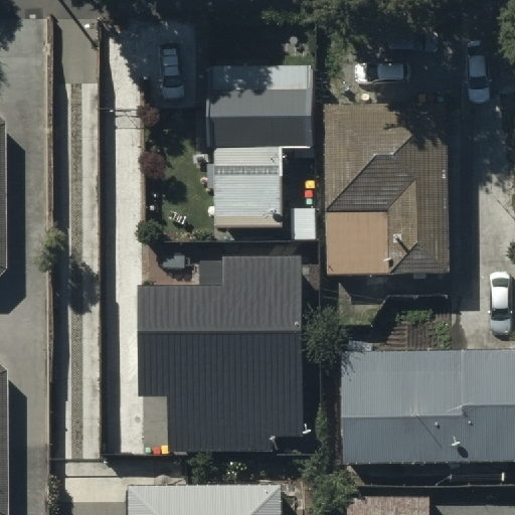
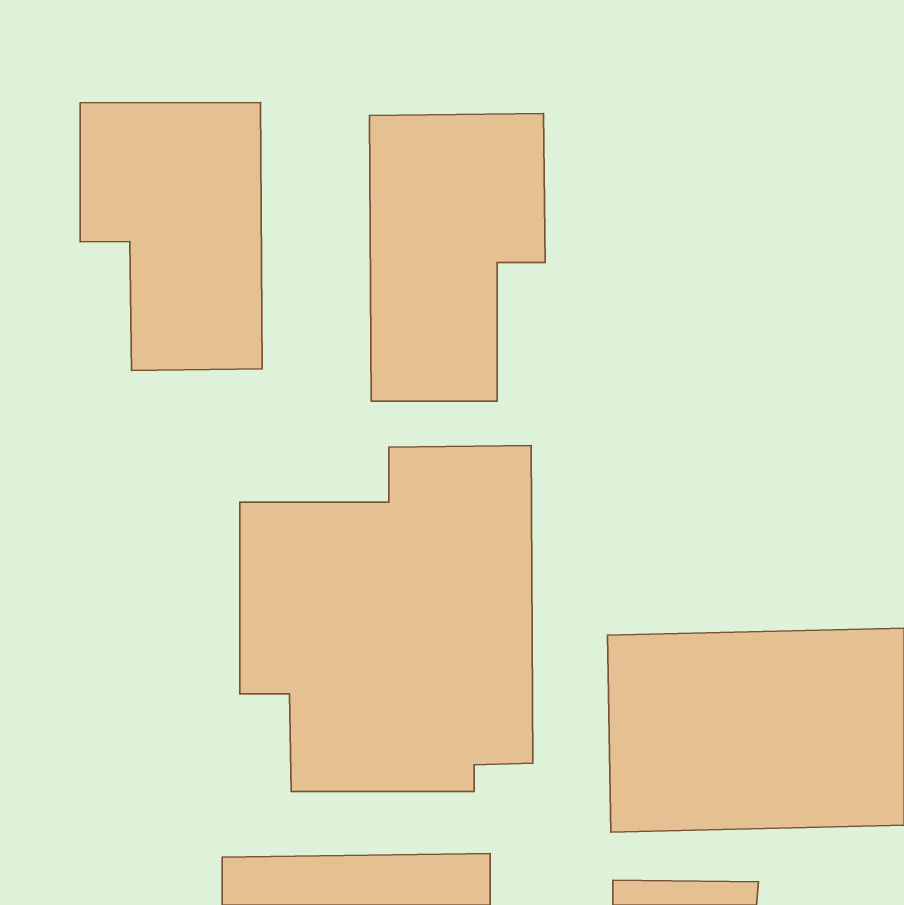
building: none -> [80,102,262,370]
building: [325,112,451,282] -> none

